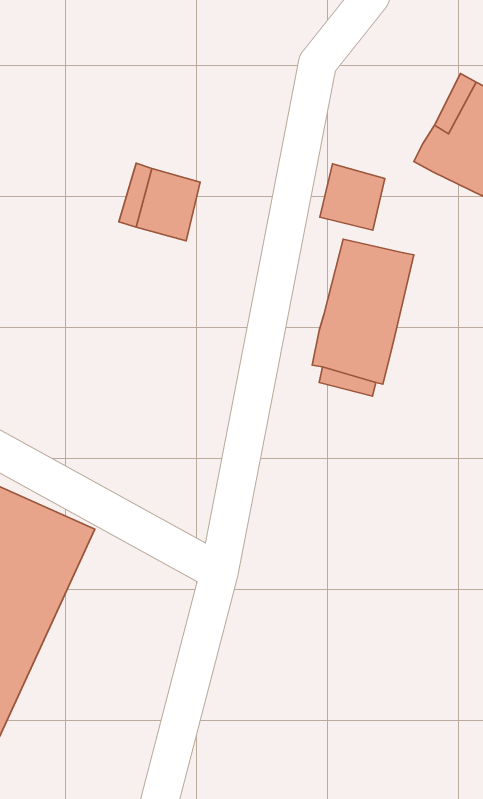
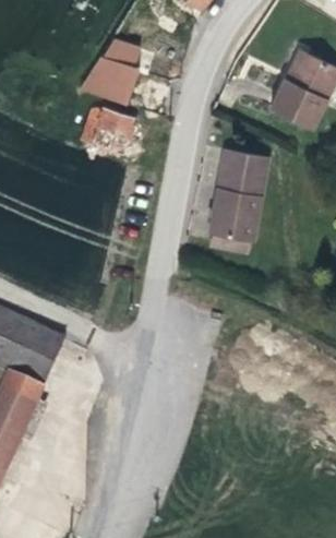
building: none -> [86,35,143,103]
building: [320,164,385,230] -> none

